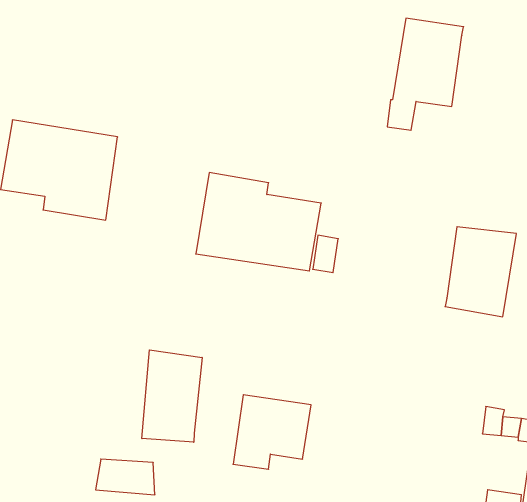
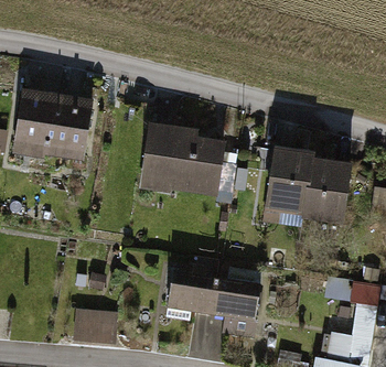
building: [387,18,464,130] -> [264,149,313,222]
building: [142,350,202,442] -> none
building: none -> [212,276,261,333]

